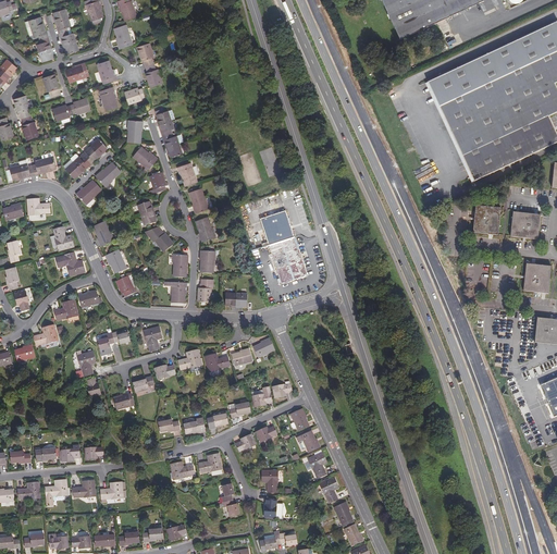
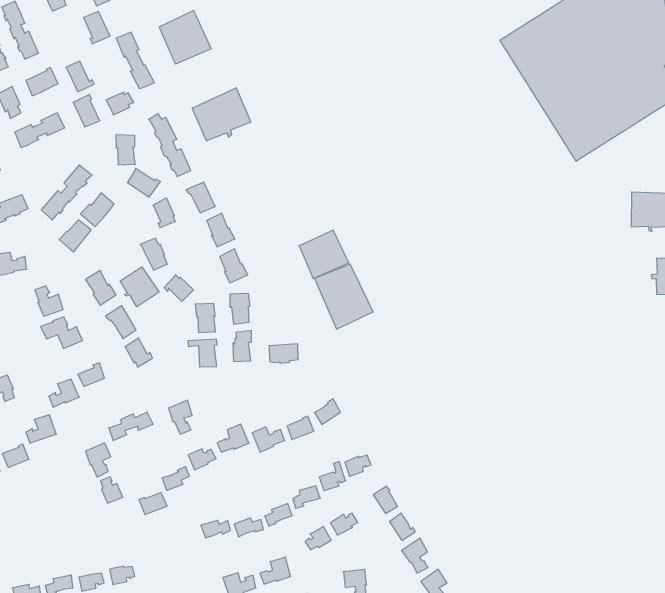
building: none -> [159,10,211,64]
building: none -> [192,88,251,141]
building: [470,201,500,233] -> none
building: none -> [120,267,159,307]

